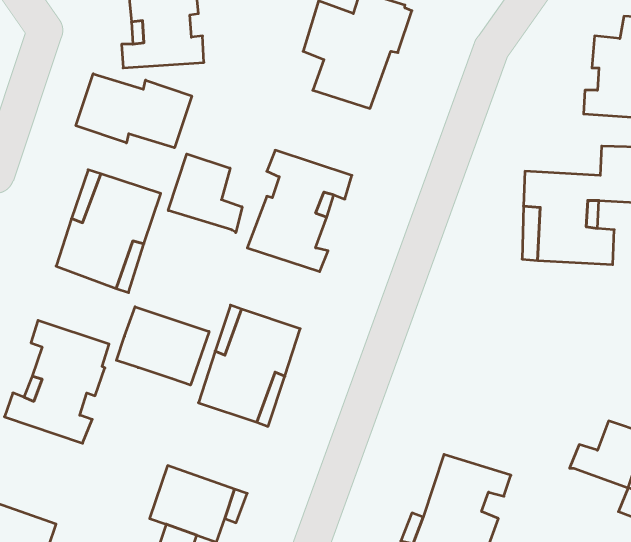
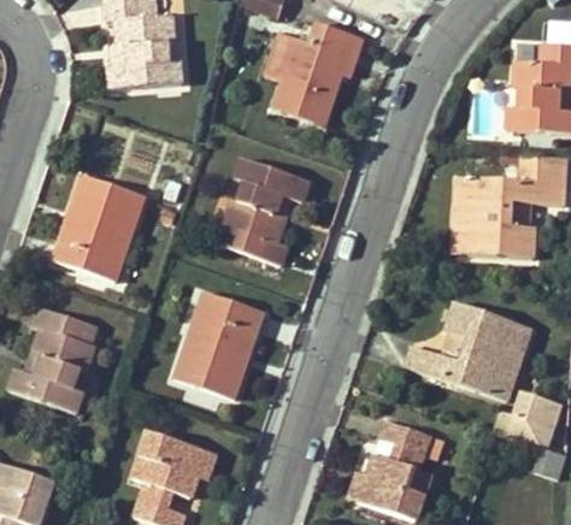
building: [76,74,192,148] -> none
building: [168,154,242,233] -> none
building: [116,307,209,385] -> none
building: none -> [406,303,532,401]

